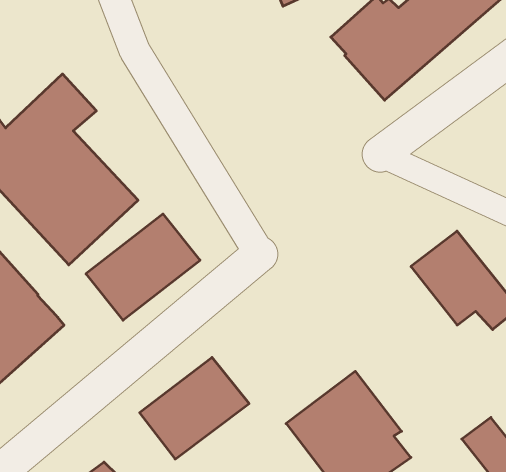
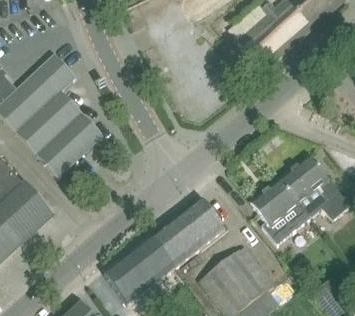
building: [86,214,200,320] -> [150,198,224,267]
building: none -> [249,178,309,243]

